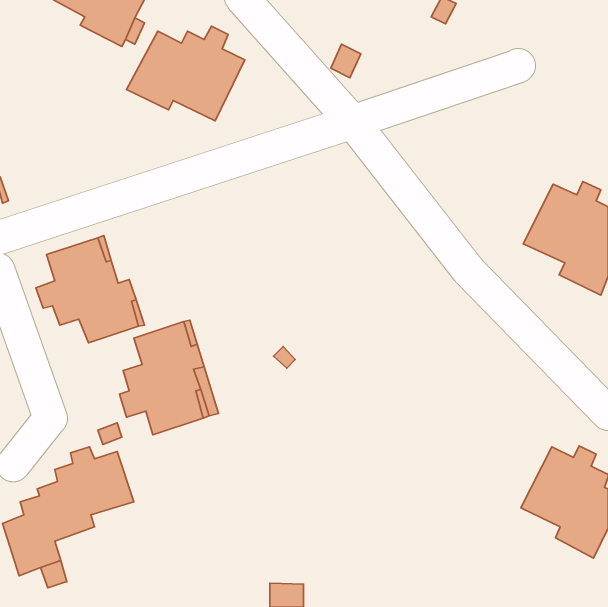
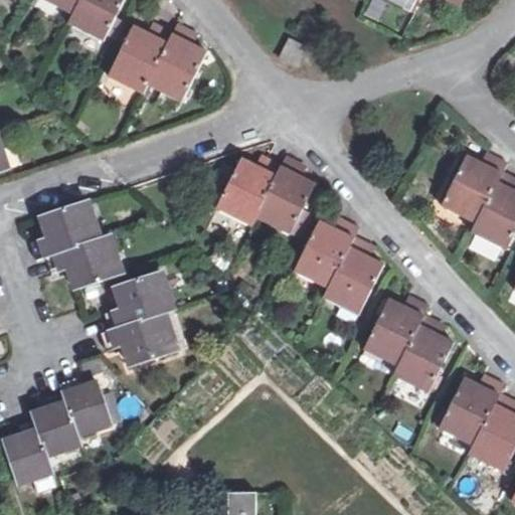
building: none -> [215,155,314,233]
building: none -> [292,218,383,314]
building: none -> [363,297,453,391]

